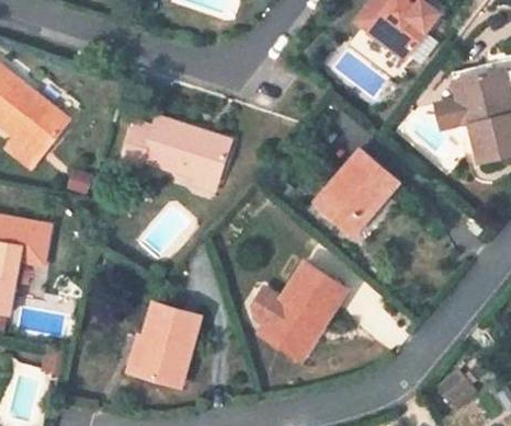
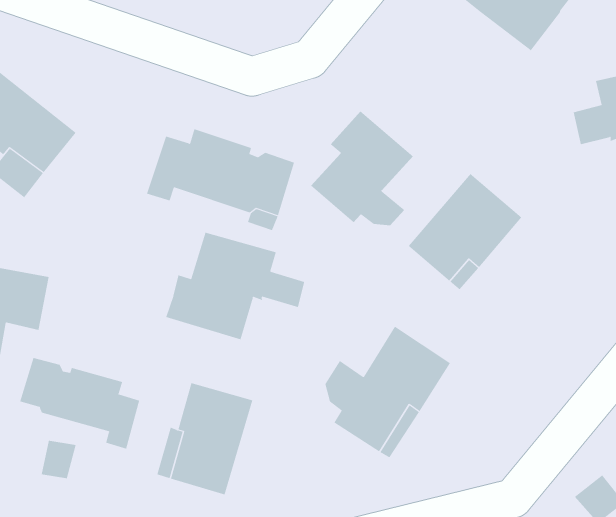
building: none -> [310,110,414,226]
building: none -> [165,232,305,340]
building: none -> [20,357,140,449]

